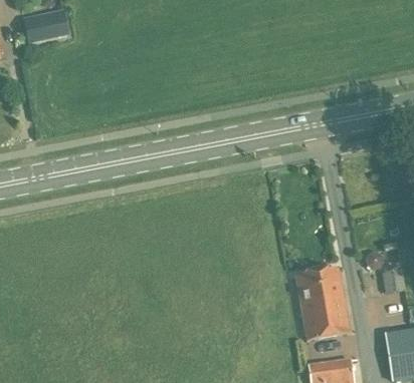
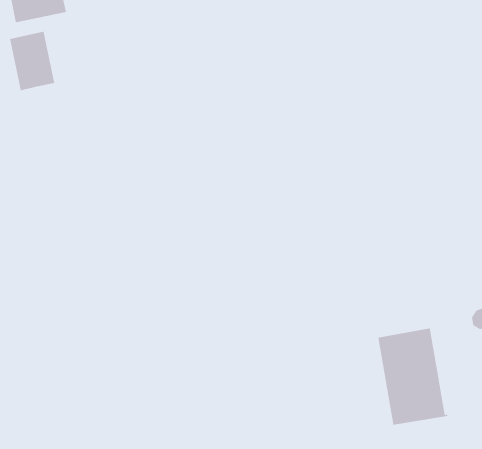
building: none -> [10,31,55,91]

